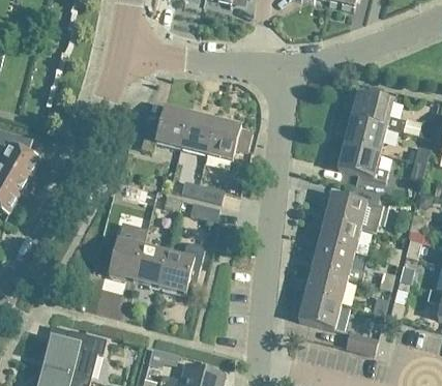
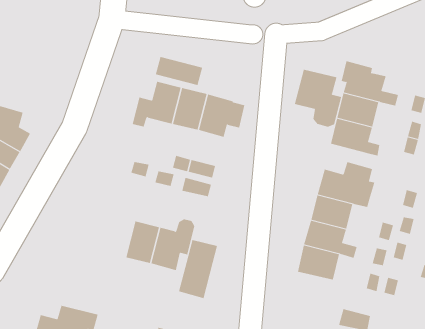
building: none -> [155,56,203,86]
building: none -> [294,69,342,127]
building: [108,221,147,280] -> [178,240,218,299]
building: [297,295,341,329] -> none

